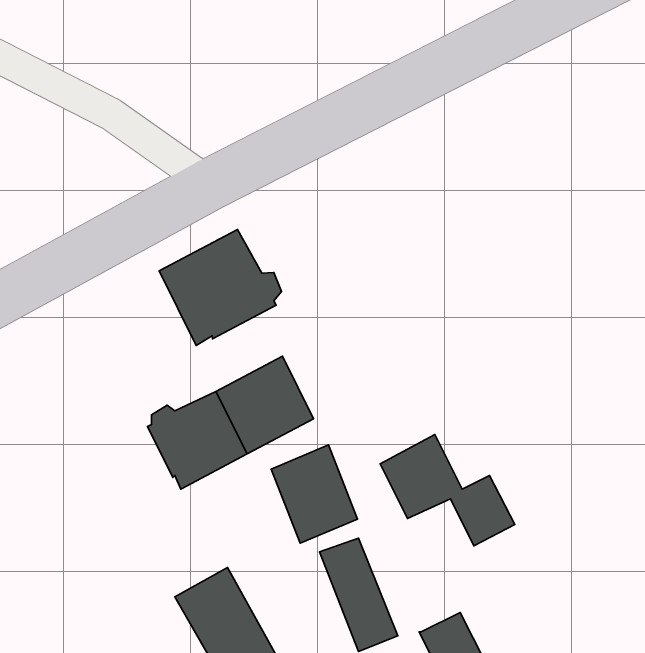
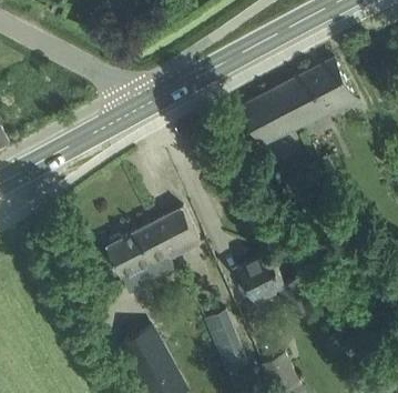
building: none -> [243,60,354,144]
building: [159,229,281,345] -> none
building: [271,445,357,543] -> none

